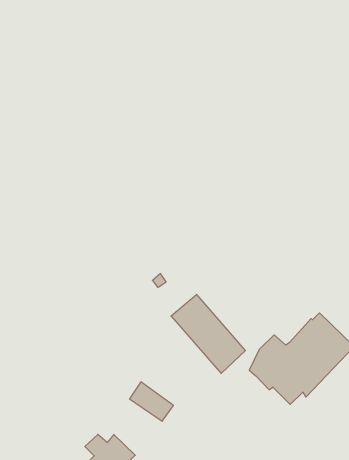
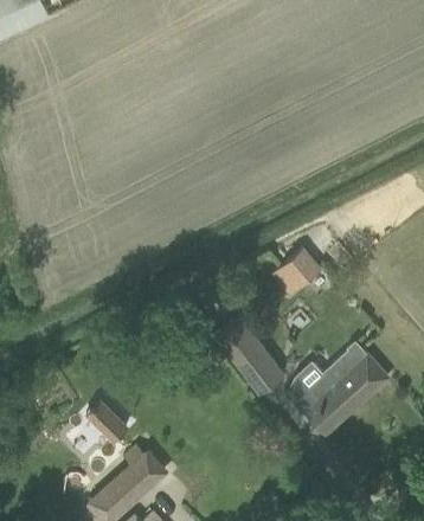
building: none -> [275,246,319,290]
building: [130,382,173,421] -> [92,401,134,440]

